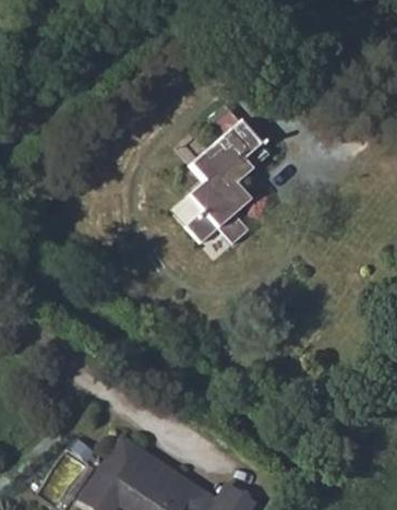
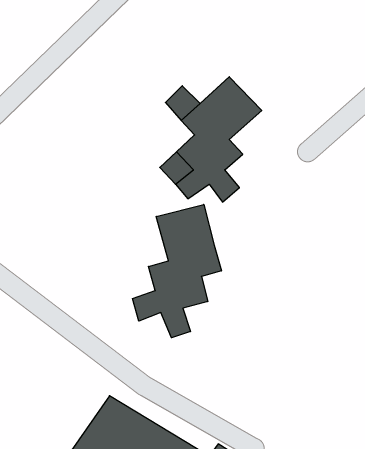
building: none -> [132,204,221,338]

